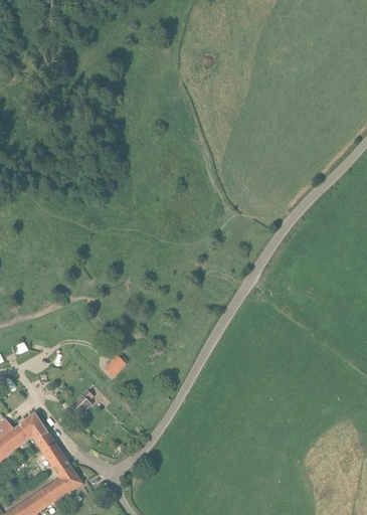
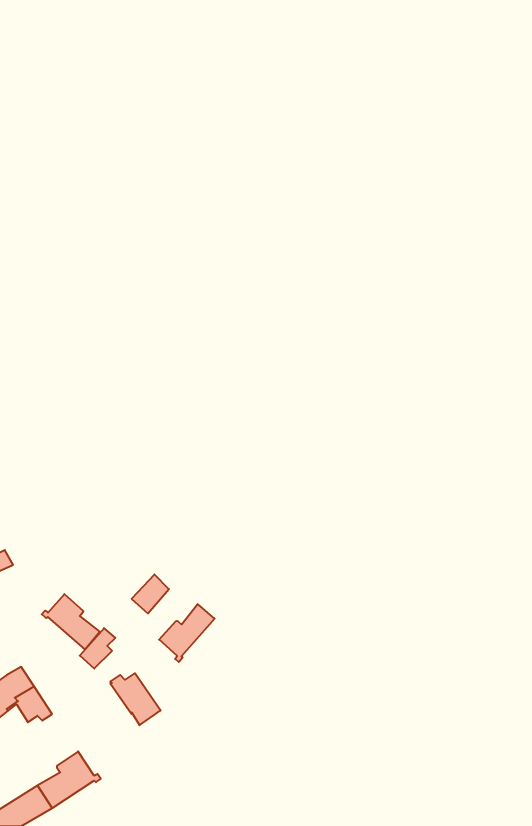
building: none -> [42,594,100,649]
building: none -> [159,604,215,662]
building: [39,443,70,475] -> [110,673,161,725]

